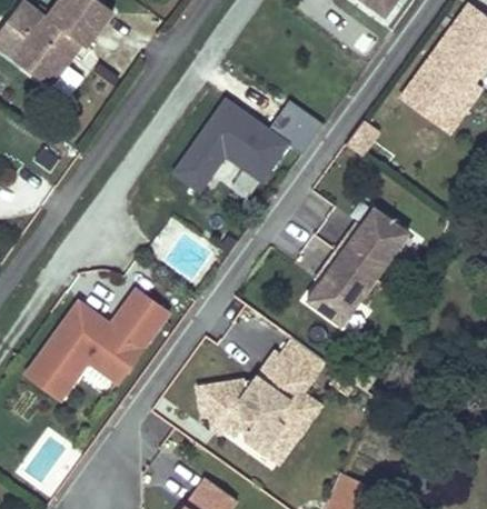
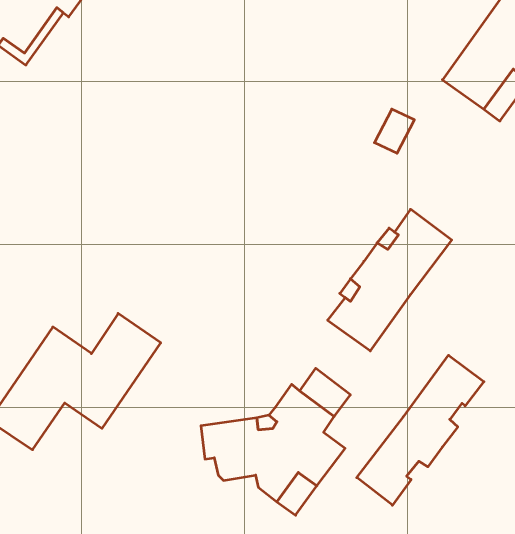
building: [172,99,322,192] -> none
building: none -> [357,355,484,505]

